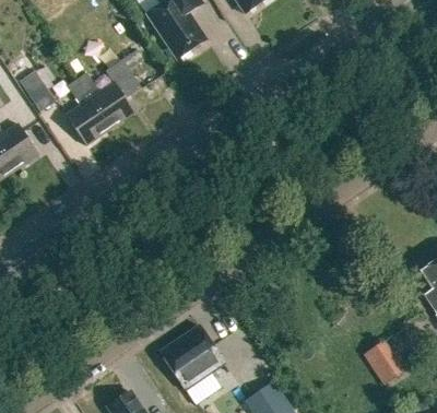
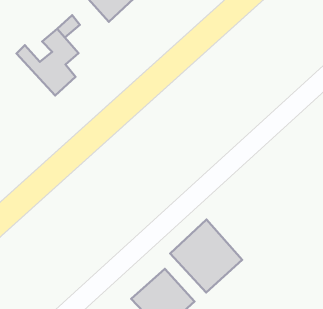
building: [67,79,111,144] -> none
building: none -> [170,219,242,293]

